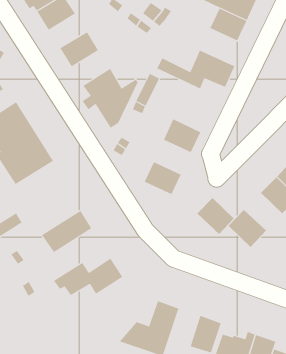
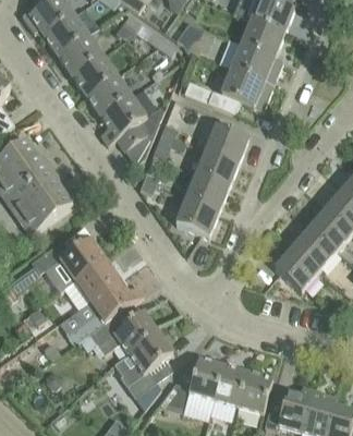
building: none -> [59,35,104,75]
building: none -> [219,38,283,85]
building: none -> [87,75,132,117]
building: none -> [206,124,248,162]
building: none -> [186,173,229,211]
building: none -> [45,237,107,291]
building: [196,197,234,235] -> [292,228,336,270]
building: none -> [75,278,144,332]
building: none -> [121,331,173,397]
building: none -> [215,364,248,407]

